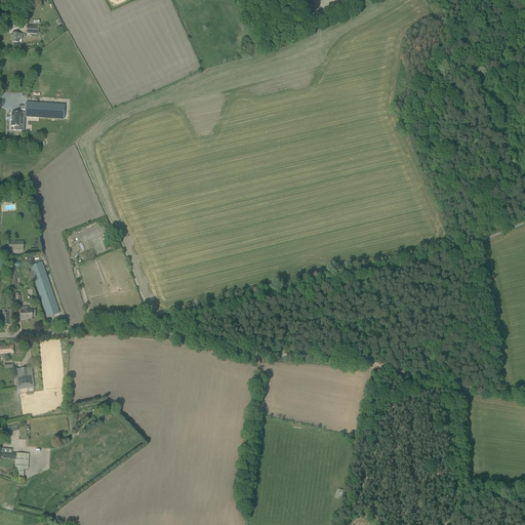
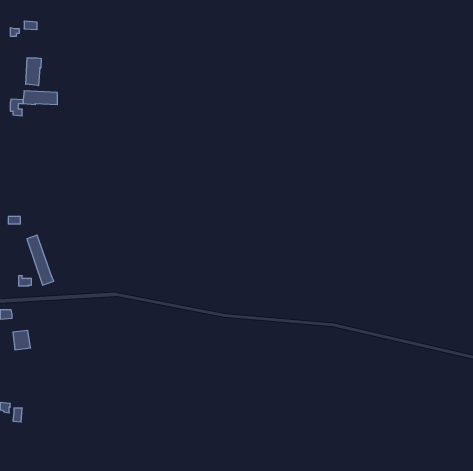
building: none -> [26,58,41,86]

